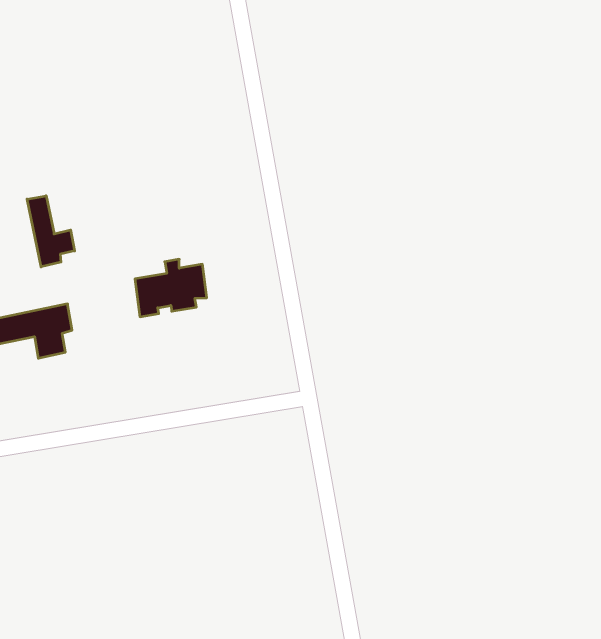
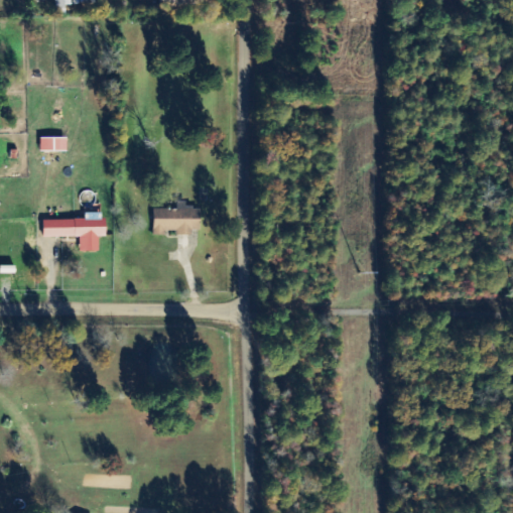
building: [27,196,75,267] -> none

